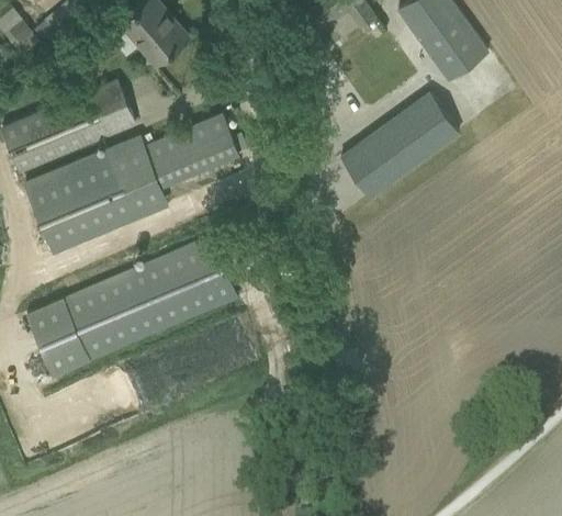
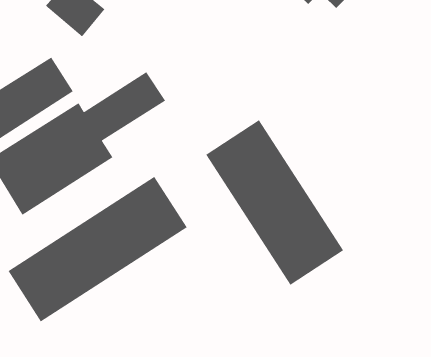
building: [340,93,459,198] -> none
building: none -> [205,119,344,286]

